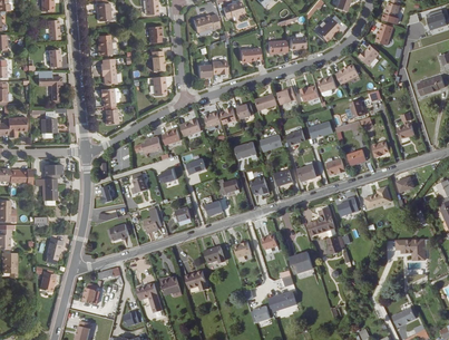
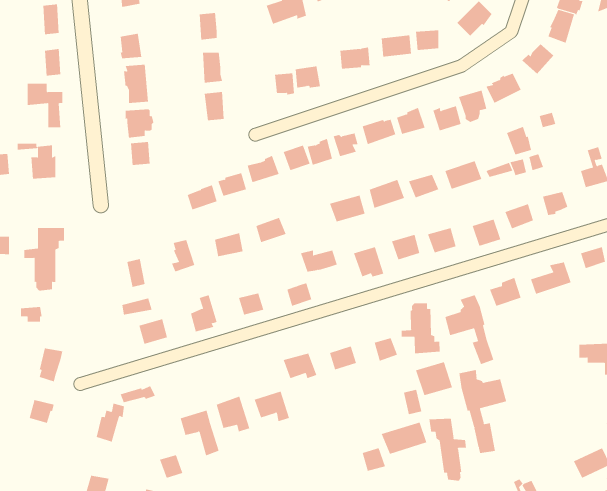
building: none -> [401,302,440,354]
building: none -> [459,369,507,454]
building: none -> [429,418,467,481]

